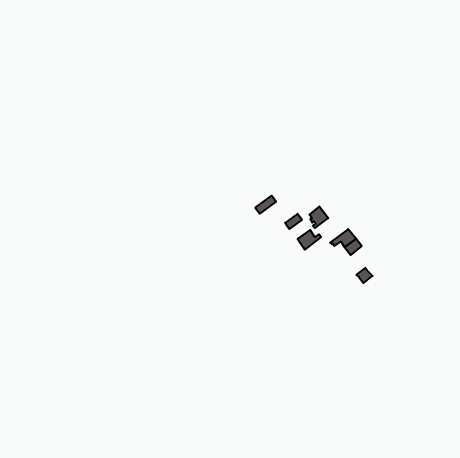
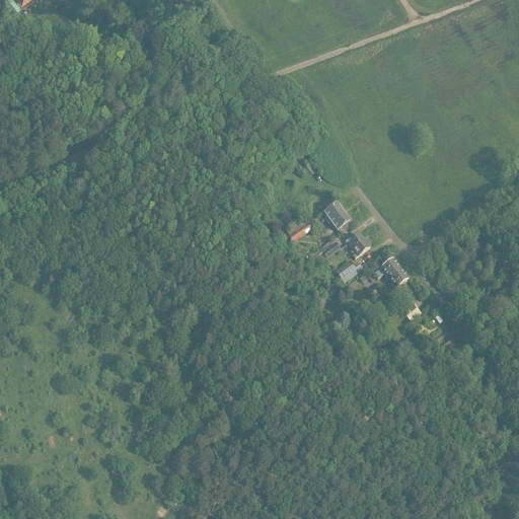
building: none -> [322,202,349,228]

